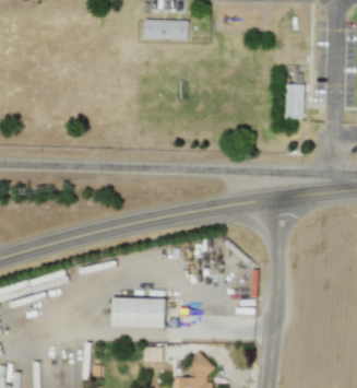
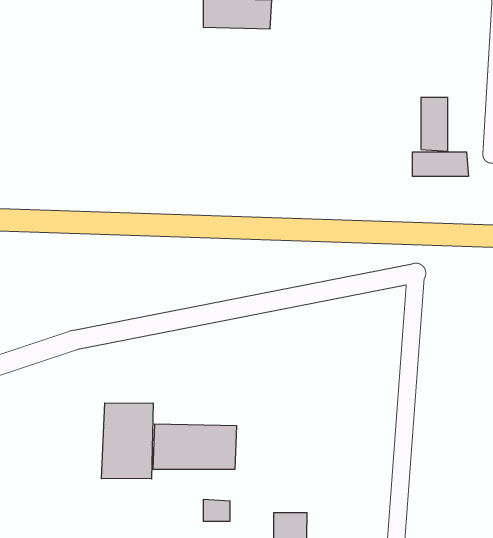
building: none -> [413,152,468,176]
building: none -> [101,403,153,479]

